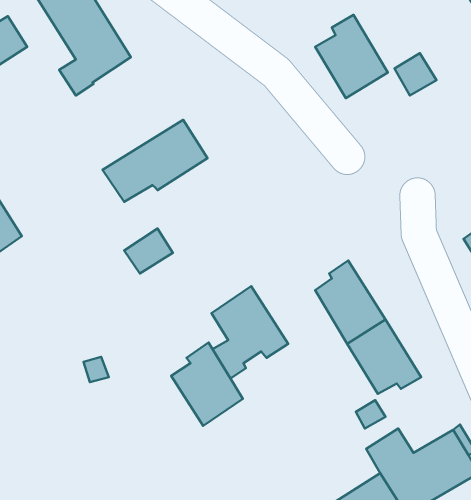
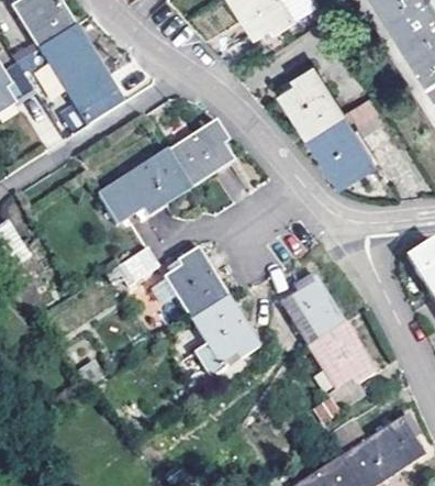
building: none -> [306,113,371,184]
building: none -> [167,122,232,187]
building: [171,343,243,426] -> [164,248,225,320]

